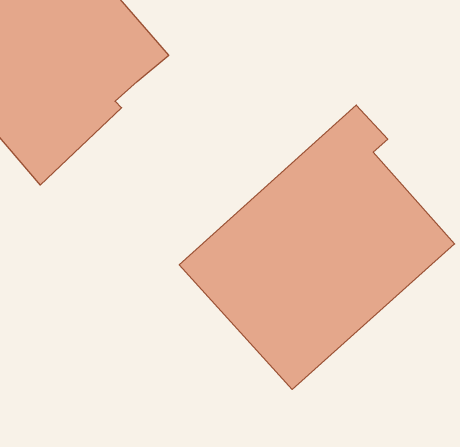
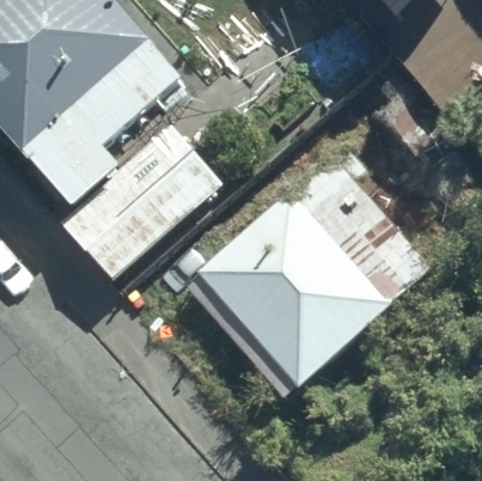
building: none -> [62,111,234,278]

